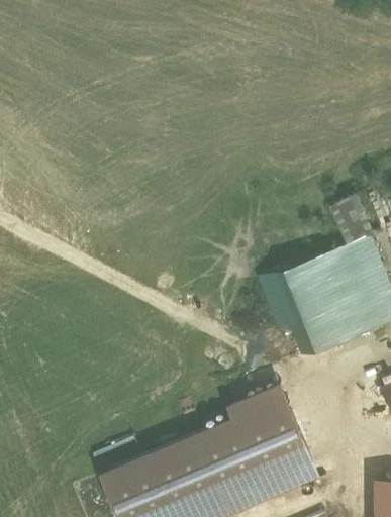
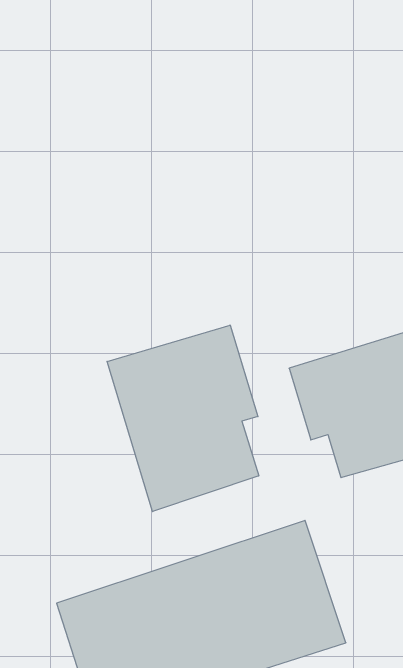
building: none -> [107,325,259,512]

